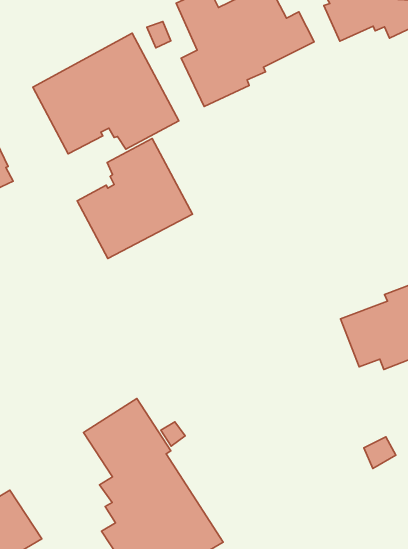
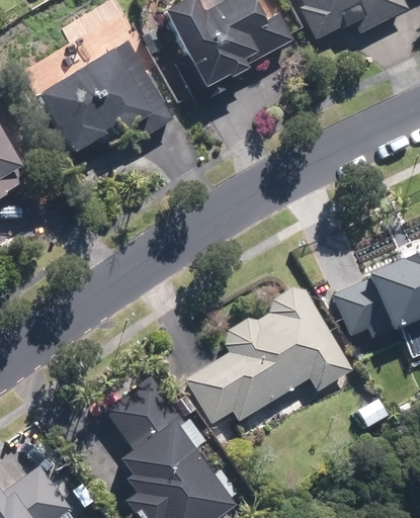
building: [77,139,193,258] -> none
building: none -> [185,284,353,422]

